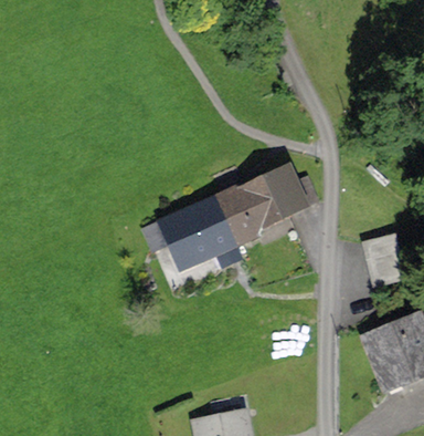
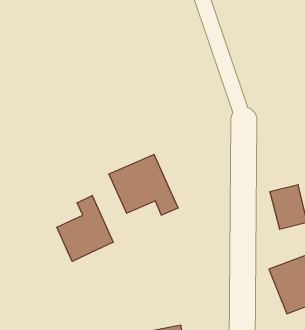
building: [216,166,308,247] -> none
building: none -> [57,195,113,261]

